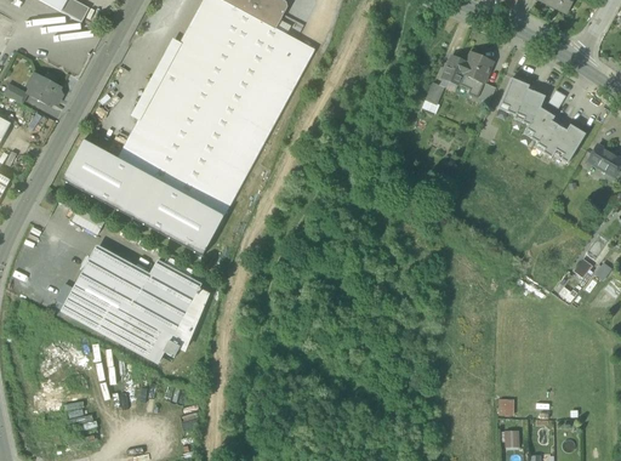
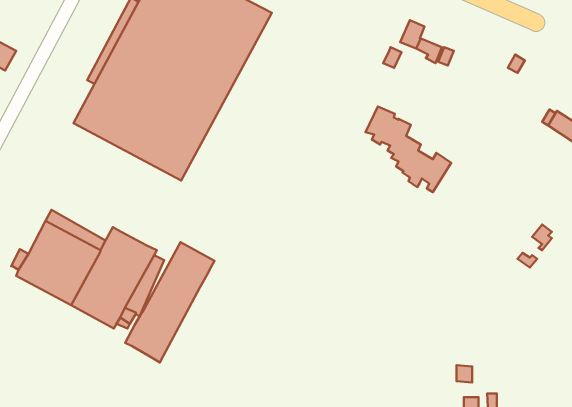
building: [461,52,492,82] -> none
building: [500,78,585,163] -> [366,106,451,192]
building: [61,138,224,256] -> none
building: none -> [125,242,215,362]

